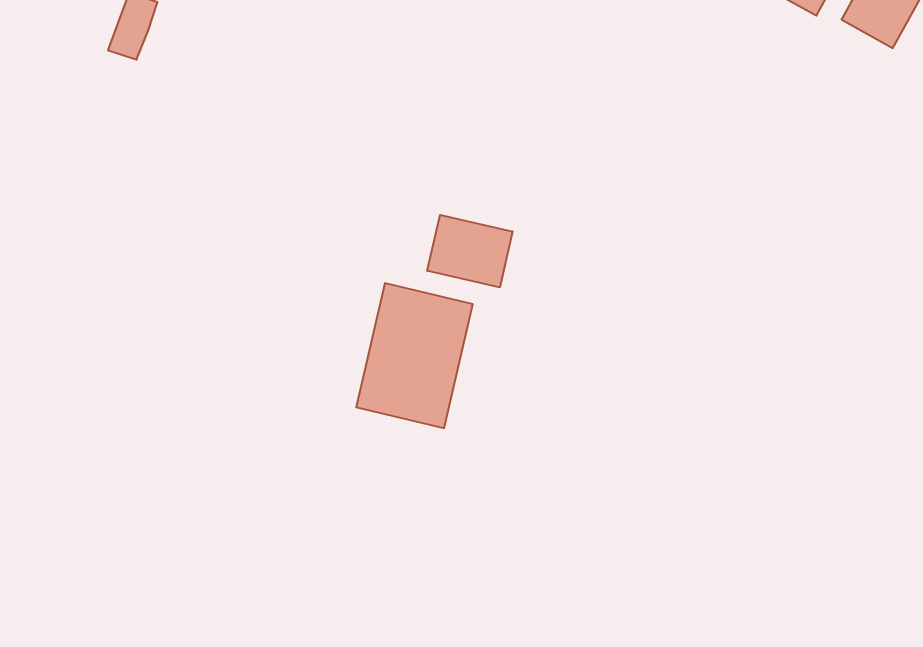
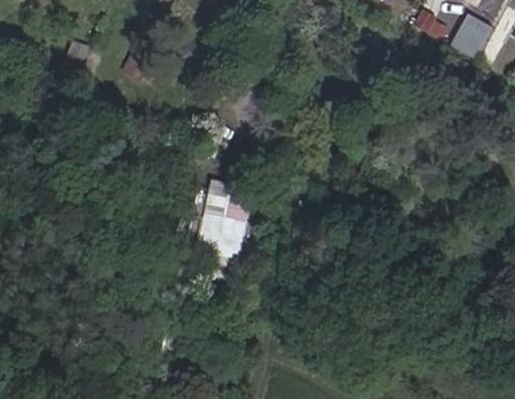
building: [427,215,513,287] -> none

